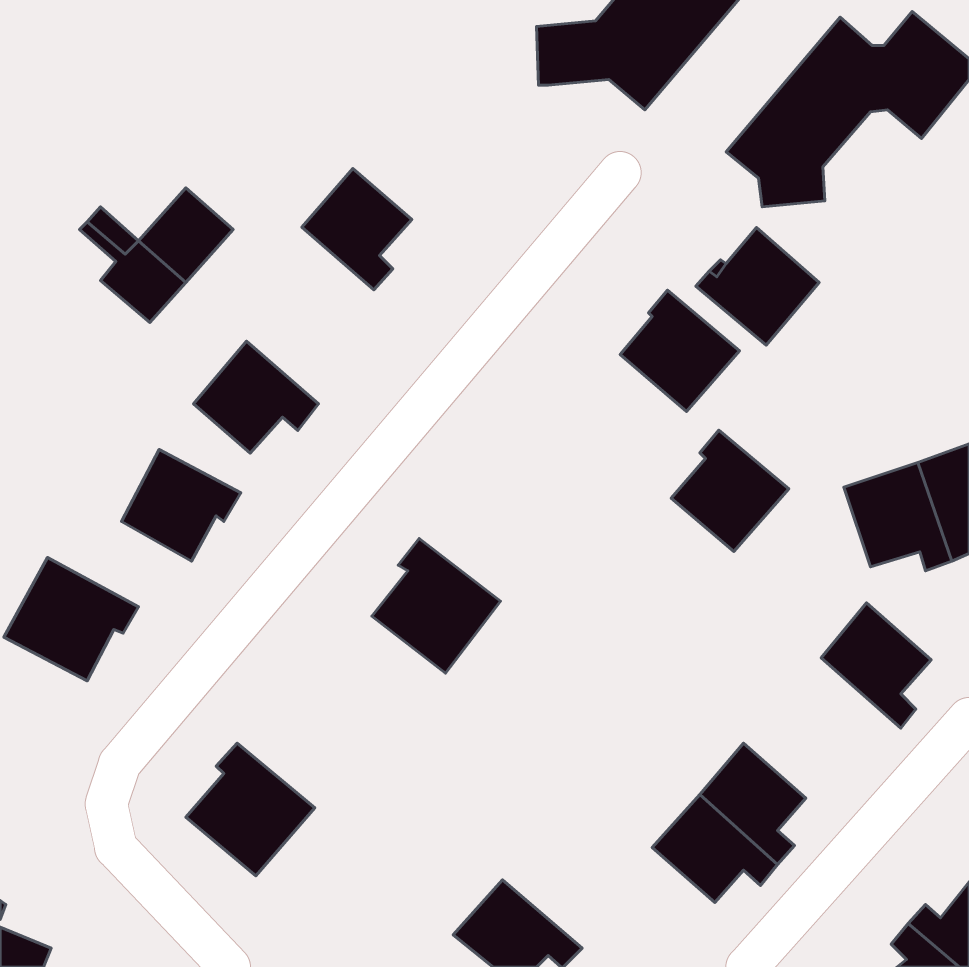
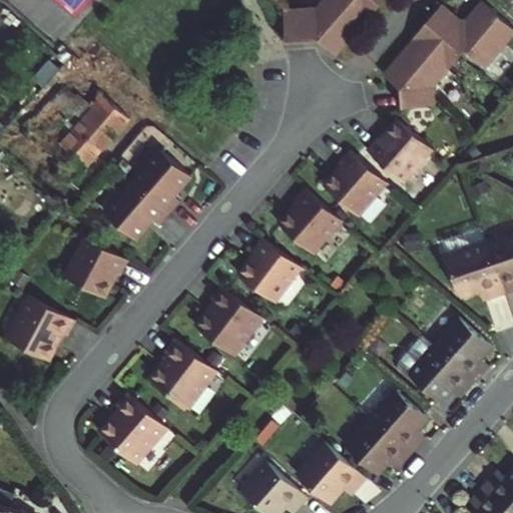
building: [302,168,412,290] -> [130,149,188,213]
building: [671,430,789,551] -> [282,191,344,255]
building: none -> [240,239,304,304]
building: none -> [398,338,476,406]
building: none -> [148,339,215,410]
building: none -> [295,444,367,507]

